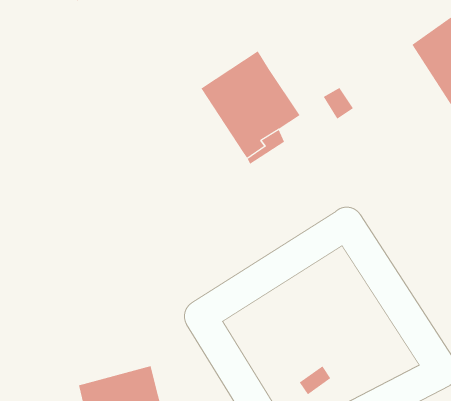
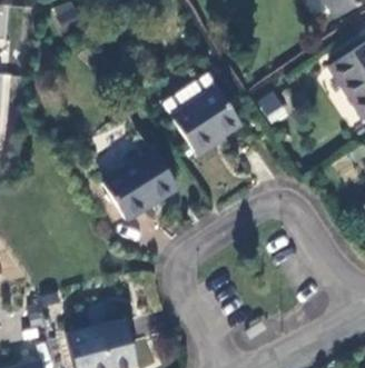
building: none -> [103,149,177,219]

